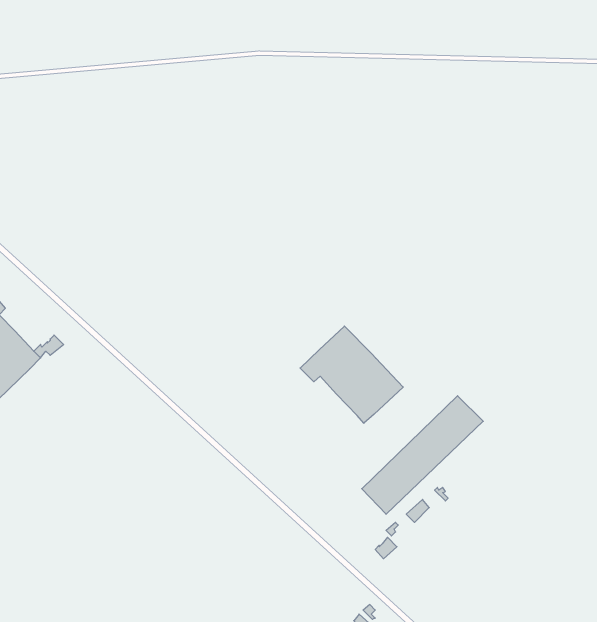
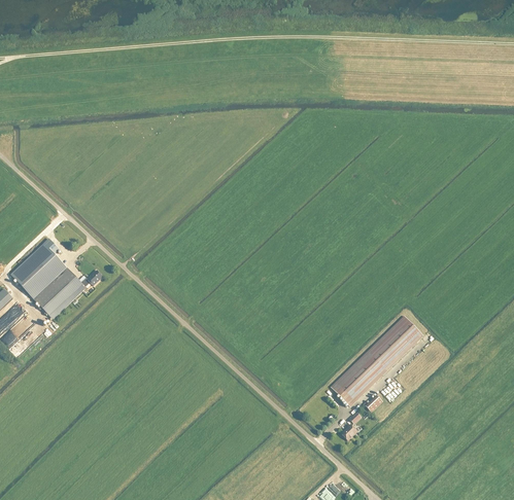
building: [300,326,403,423] -> none

